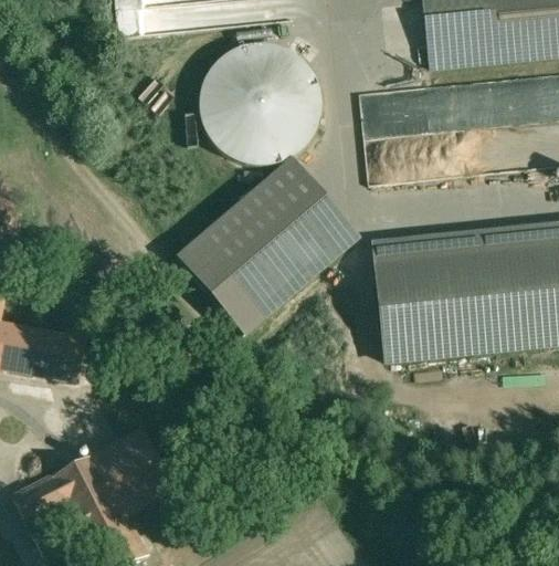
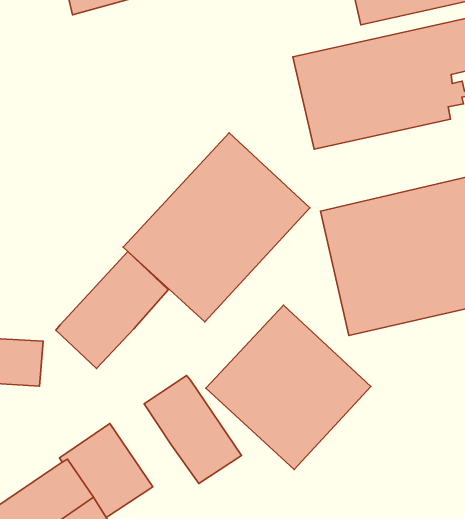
building: [198,43,320,165] -> none
building: none -> [56,251,168,368]
building: none -> [206,305,371,470]
building: none -> [144,376,241,484]

